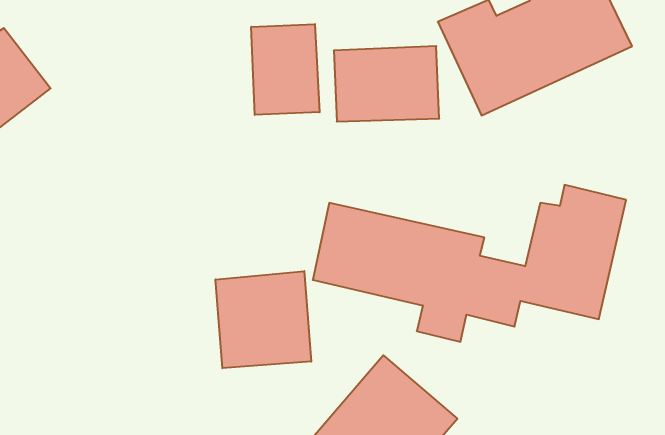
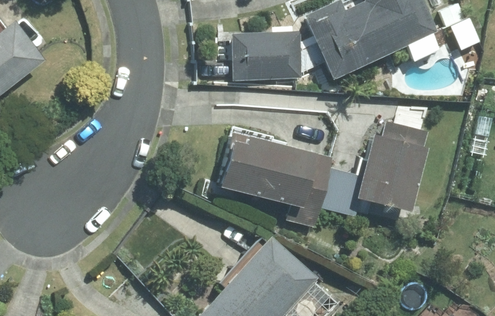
building: [251,24,320,115] -> none
building: [216,271,311,368] -> none

